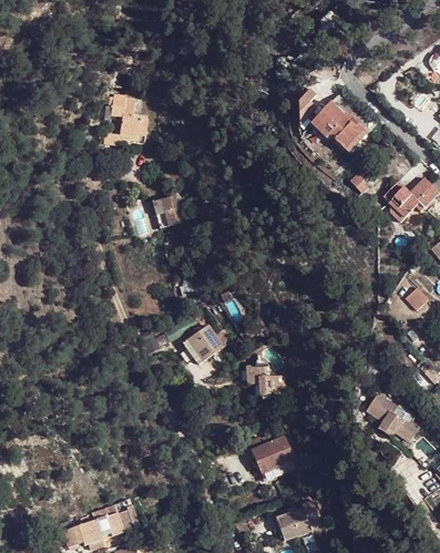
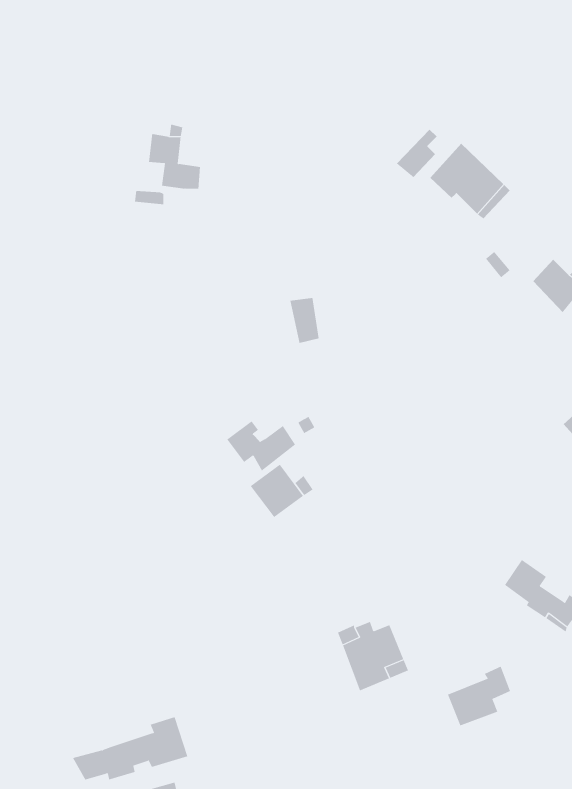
building: [153,197,174,229] -> [289,297,320,343]
building: none -> [227,421,296,471]
building: [245,363,282,395] -> none
building: [275,498,319,540] -> [447,666,511,726]

